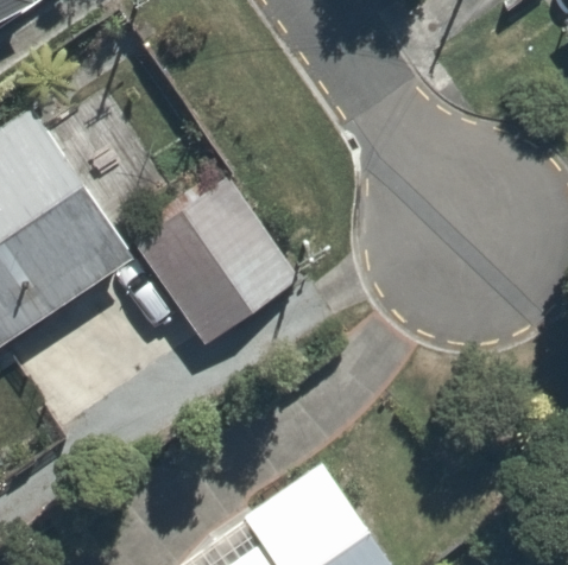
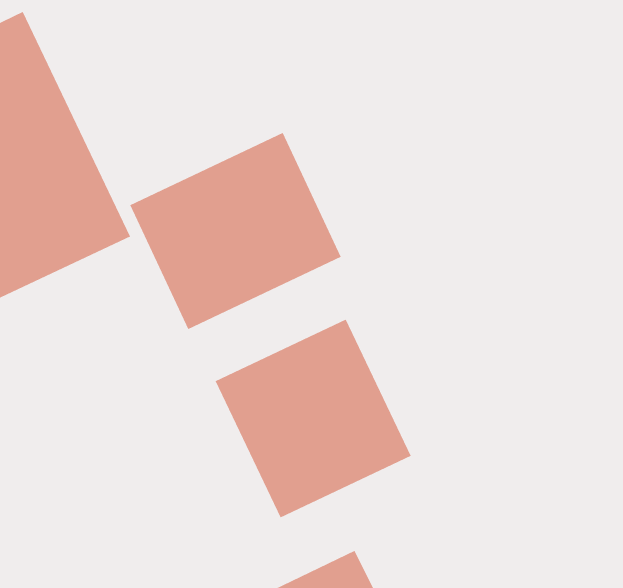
building: none -> [214,318,412,519]

